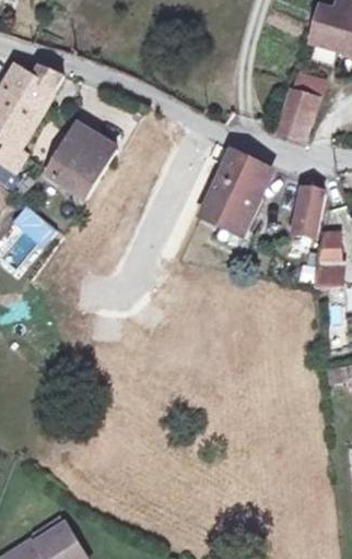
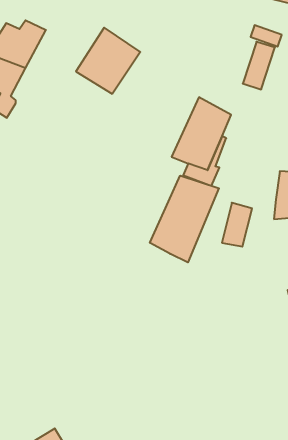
building: [43,123,115,198] -> [76,28,140,94]
building: [291,185,325,234] -> [222,203,252,247]
building: none -> [150,176,219,262]

